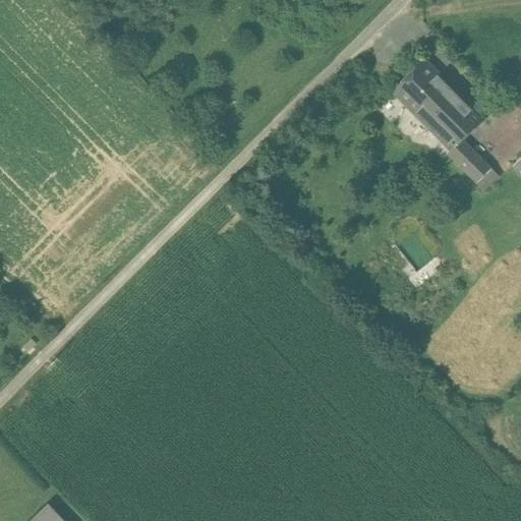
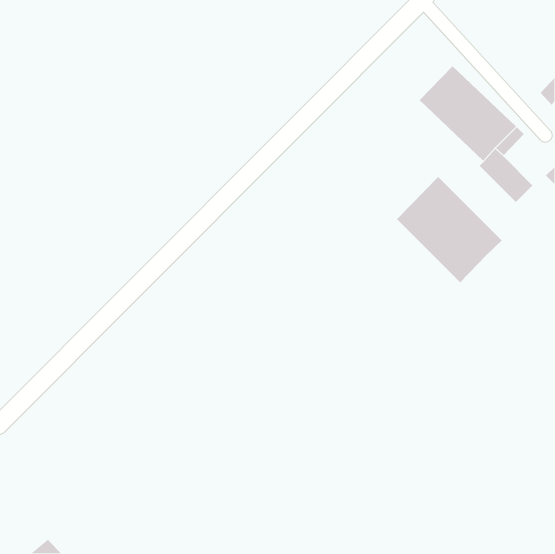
building: none -> [396,176,502,283]

